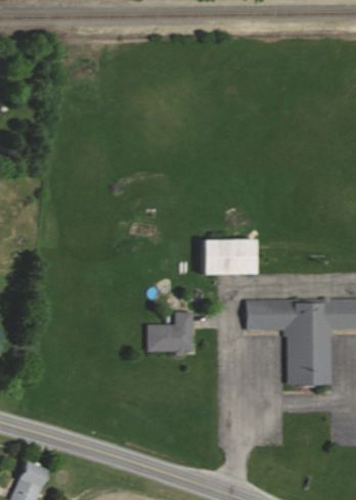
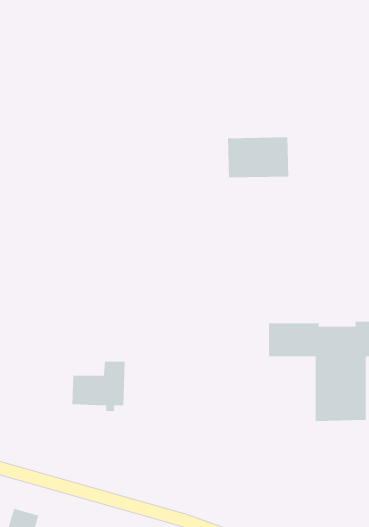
building: [201,238,255,274] -> [227,137,289,178]
building: [146,312,193,356] -> [71,361,125,412]

